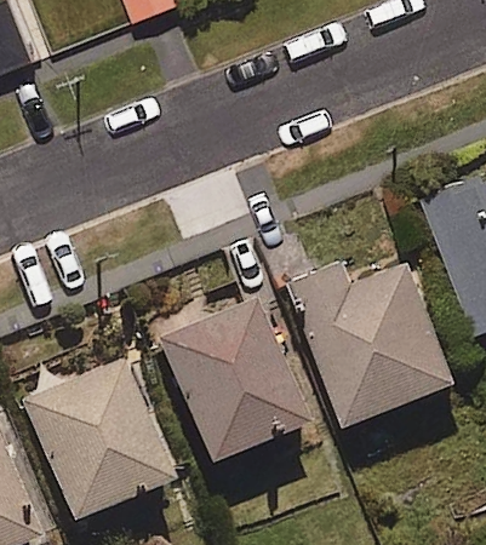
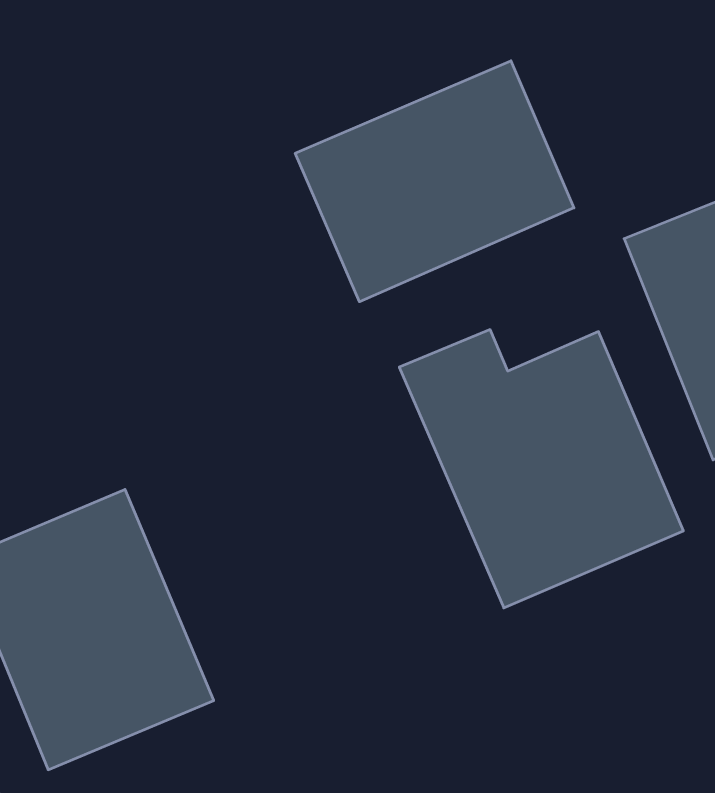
building: none -> [295,61,574,302]
building: [156,294,311,467] -> none

